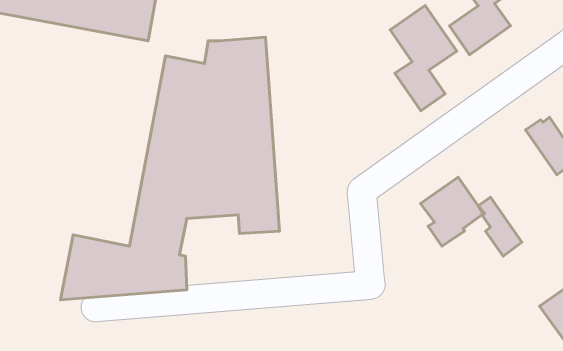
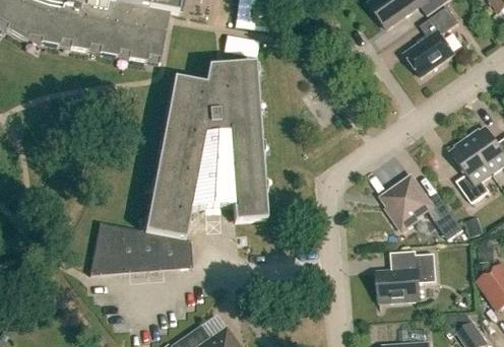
building: [390,5,457,111] -> none
building: none -> [451,136,492,202]
building: none -> [377,250,436,300]

